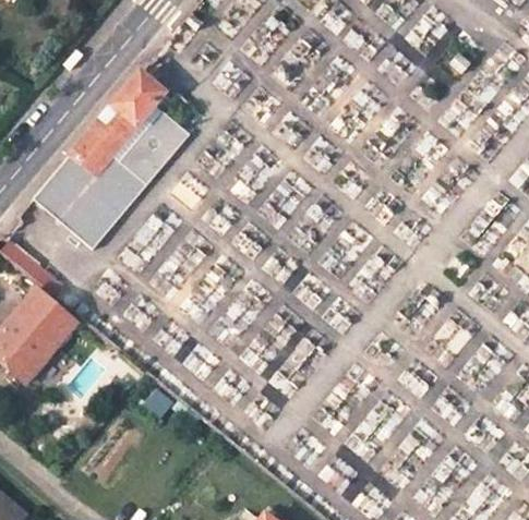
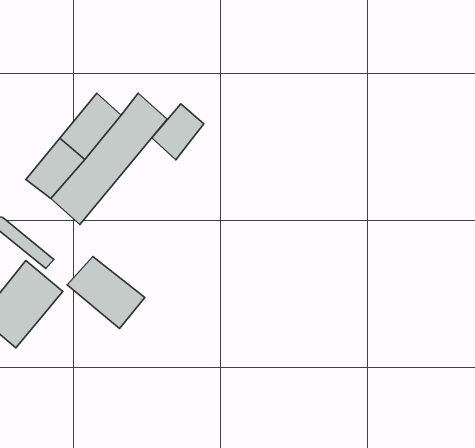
building: [112,69,169,130] -> [152,104,204,160]
building: none -> [67,256,145,328]

